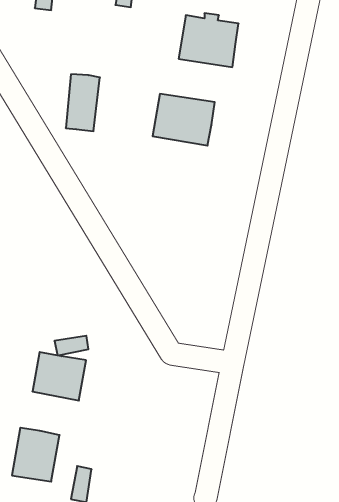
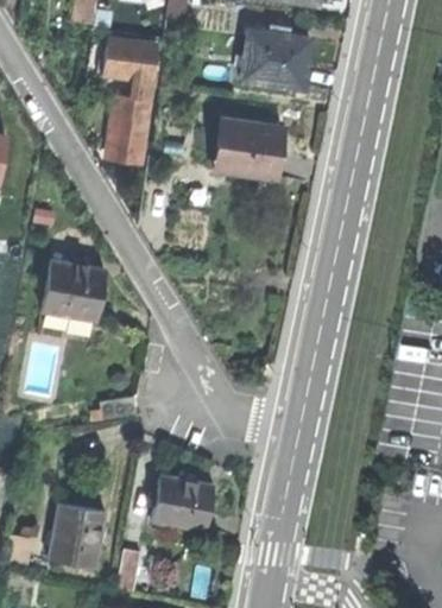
building: none -> [105,40,154,102]
building: none -> [39,261,102,322]
building: [32,352,86,401] -> [150,476,211,532]

